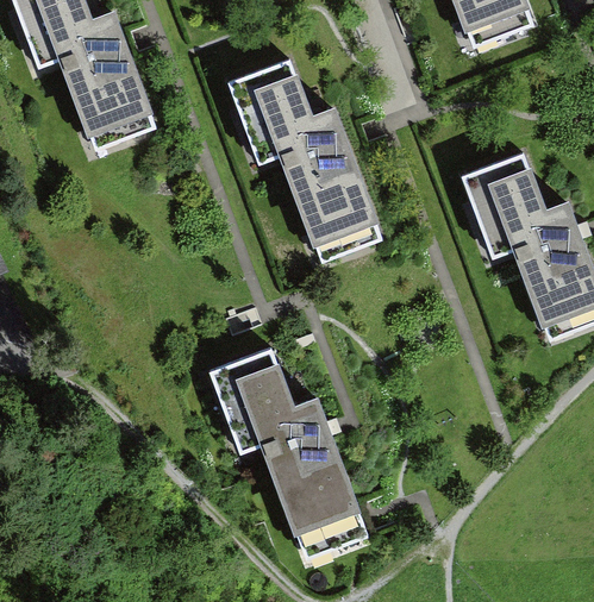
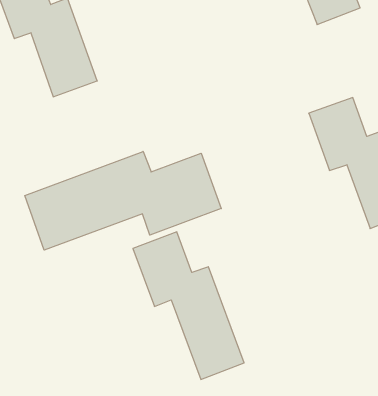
building: [226,57,381,261] -> none
building: none -> [25,151,221,250]

